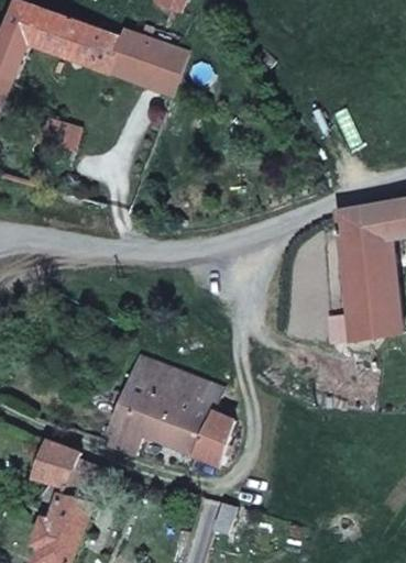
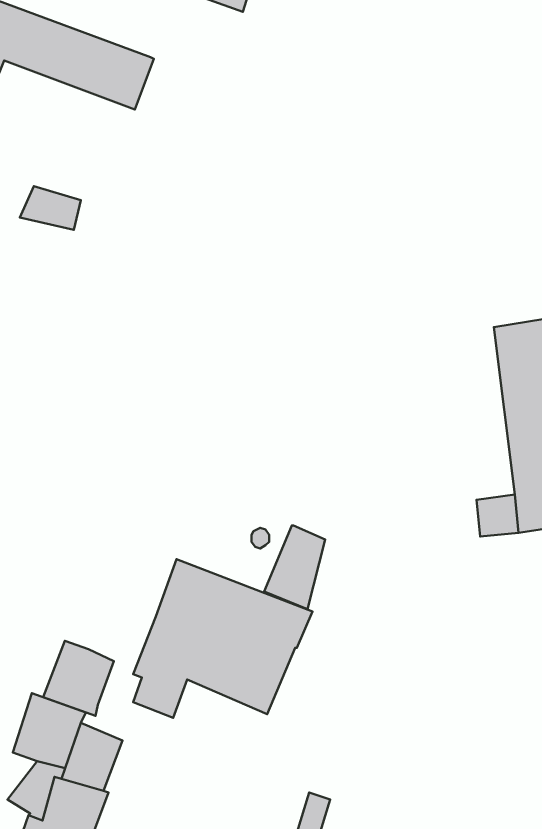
building: [110,31,186,95] -> none
building: none -> [43,641,114,716]
building: [194,411,232,464] -> [264,525,325,609]

